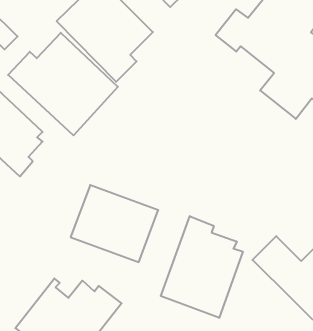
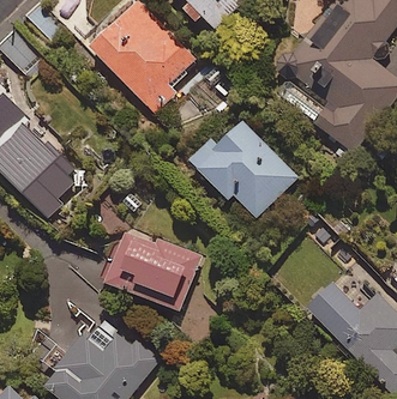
building: [8,33,118,135] -> none
building: none -> [188,117,297,218]
building: [161,216,243,318] -> none

